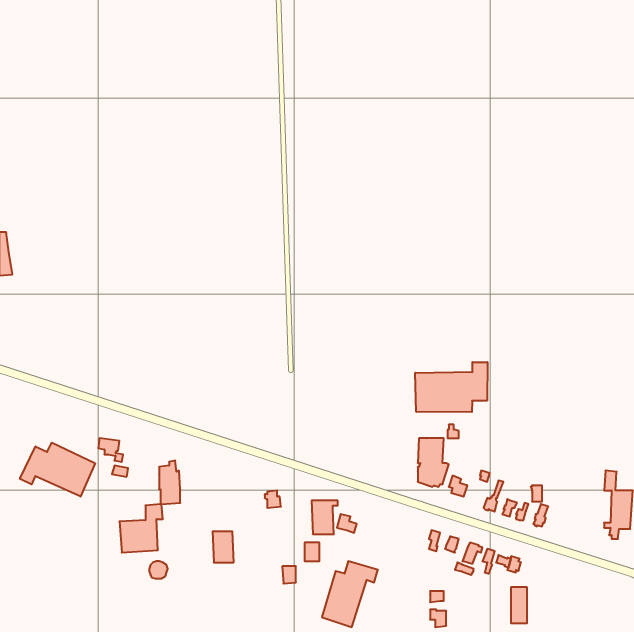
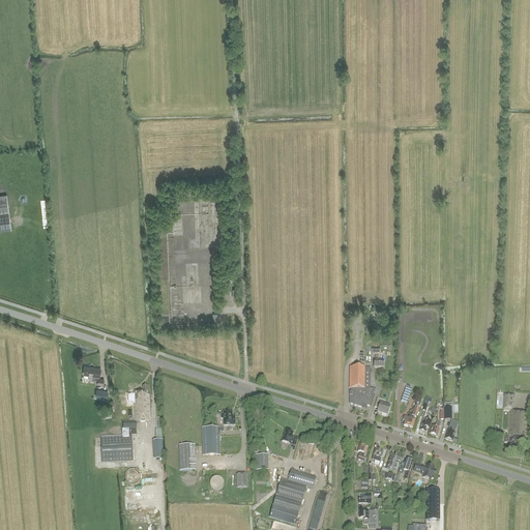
building: [415,362,487,412] -> none
building: [20,443,95,497] -> none
building: [312,501,338,534] -> [201,425,223,453]

